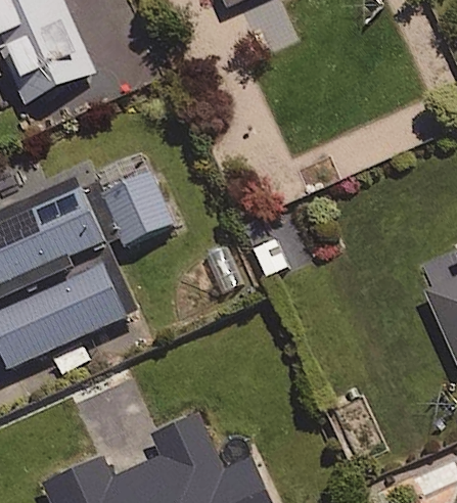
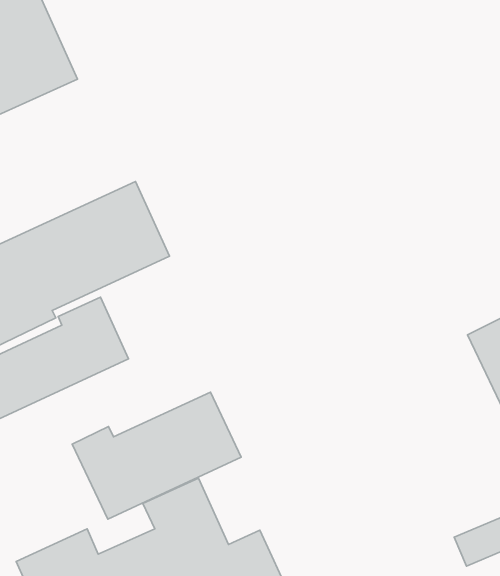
building: none -> [72,392,241,519]

